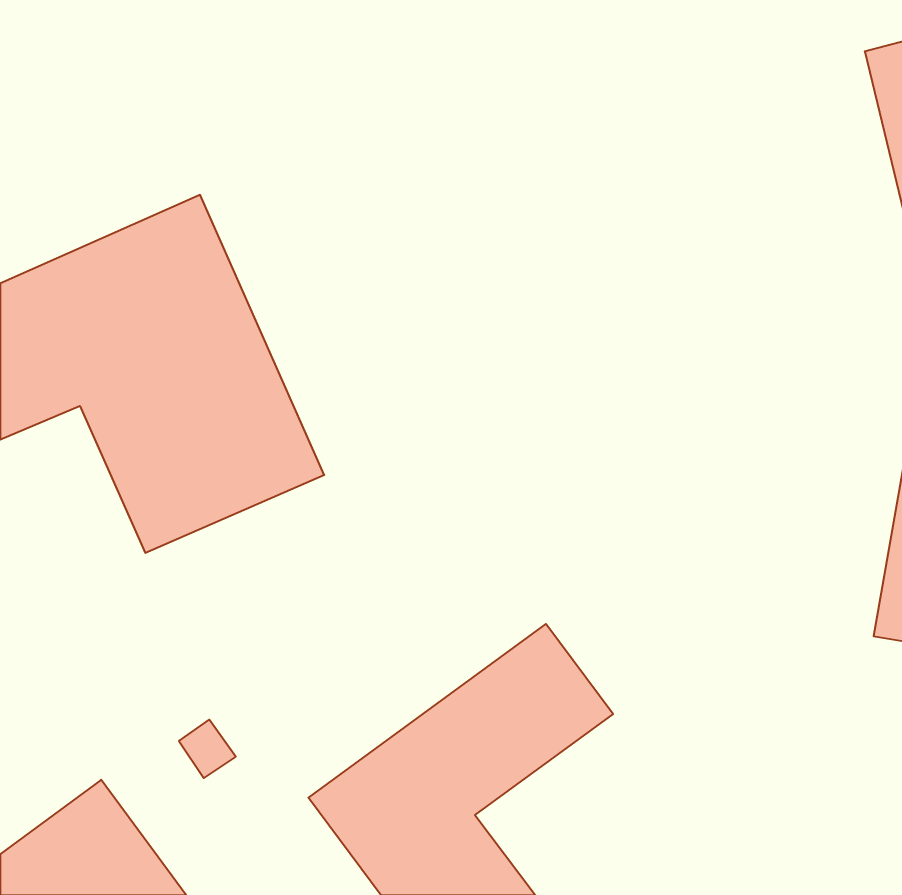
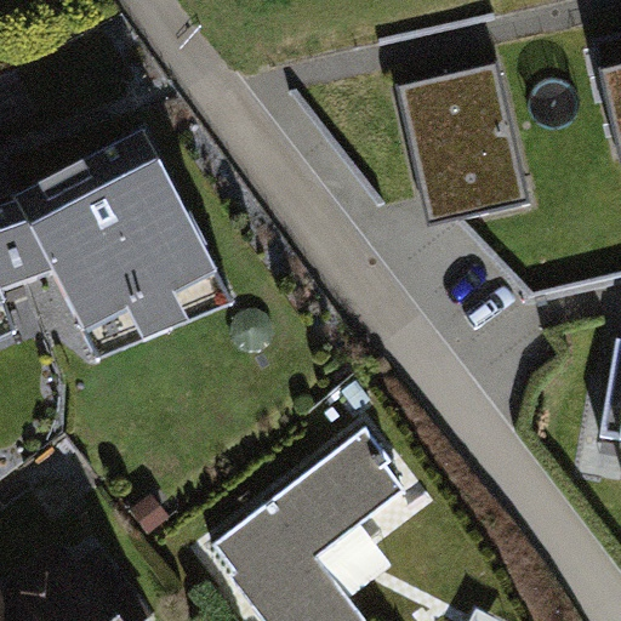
building: none -> [401,59,530,216]

